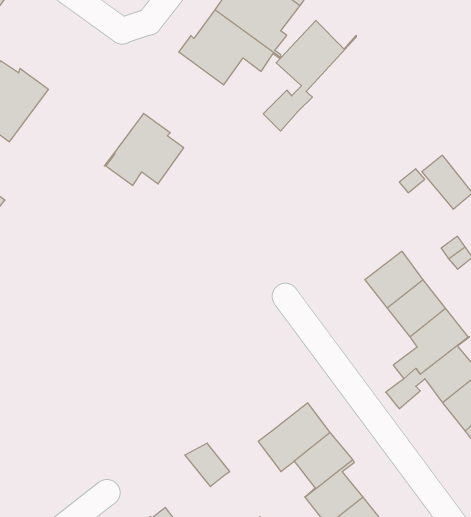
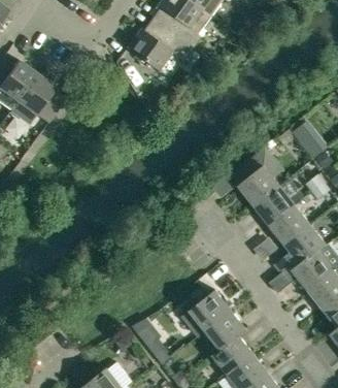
building: [263,20,356,131] -> none
building: [104,113,184,185] -> [10,74,65,124]
building: none -> [231,149,284,205]

